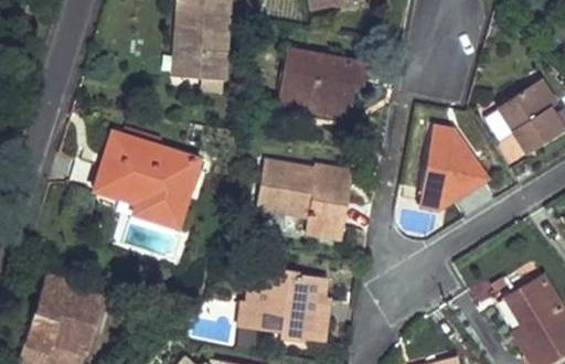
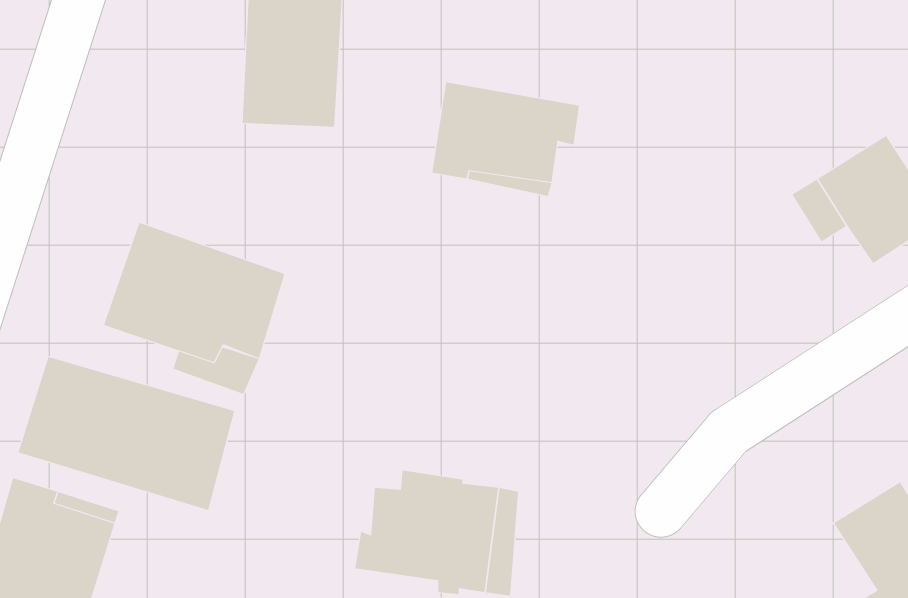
building: [418,129,484,208] -> none
building: [256,161,352,238] -> none
building: none -> [18,356,235,511]

